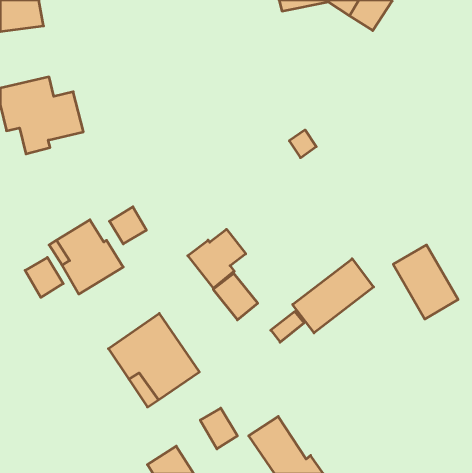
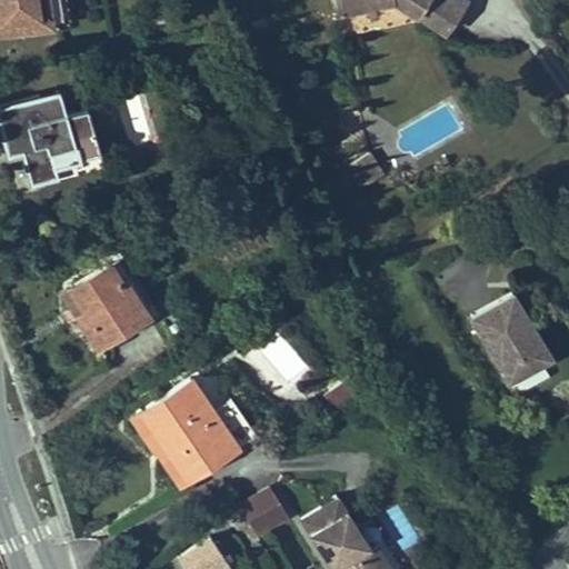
building: [109,207,146,244] -> none
building: [188,229,246,288] -> none
building: [25,257,63,297] -> none
building: [293,259,374,333] -> none

